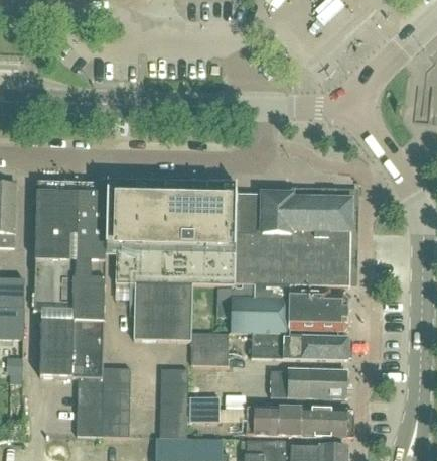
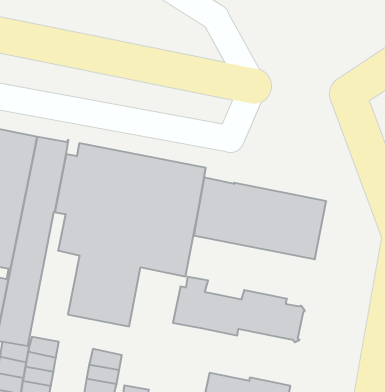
building: [234,248,348,286] -> none
building: [190,331,228,364] -> none
building: [252,331,346,359] -> none

